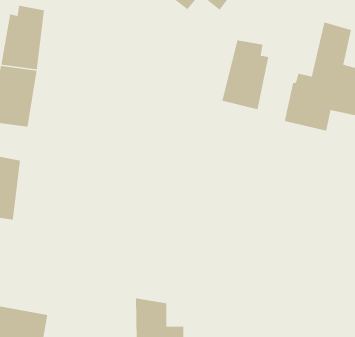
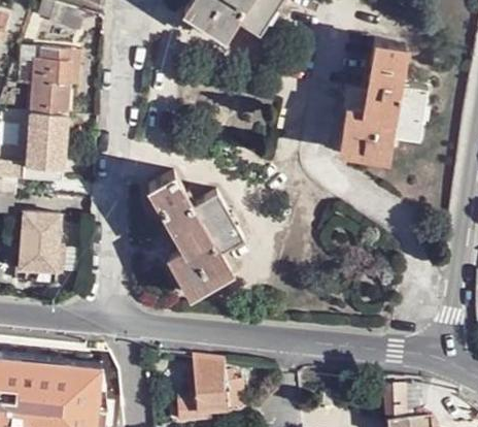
building: [221,39,269,110] -> none
building: none -> [148,170,244,294]

